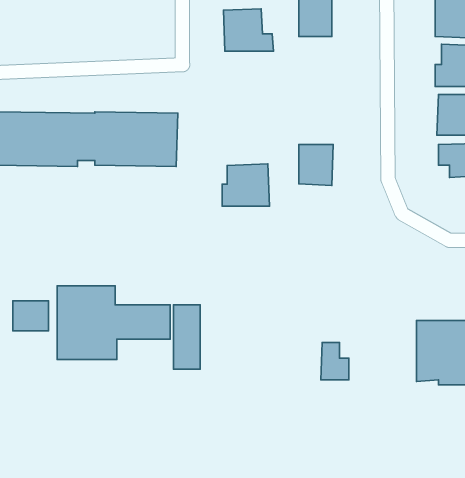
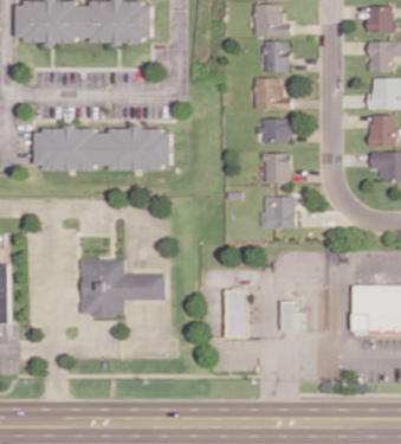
building: [223,9,274,51] -> [253,77,291,109]
building: none -> [258,117,291,142]
building: [222,164,269,206] -> [260,195,296,227]
building: [13,301,48,331] -> none
building: [174,305,200,369] -> [226,289,246,337]

